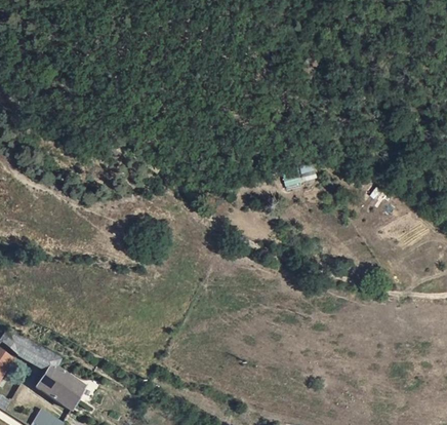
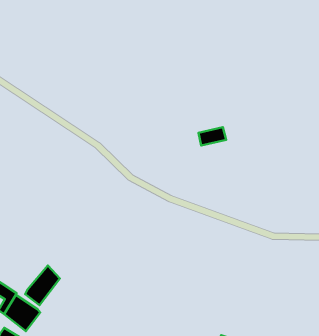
building: none -> [25,266,60,305]

